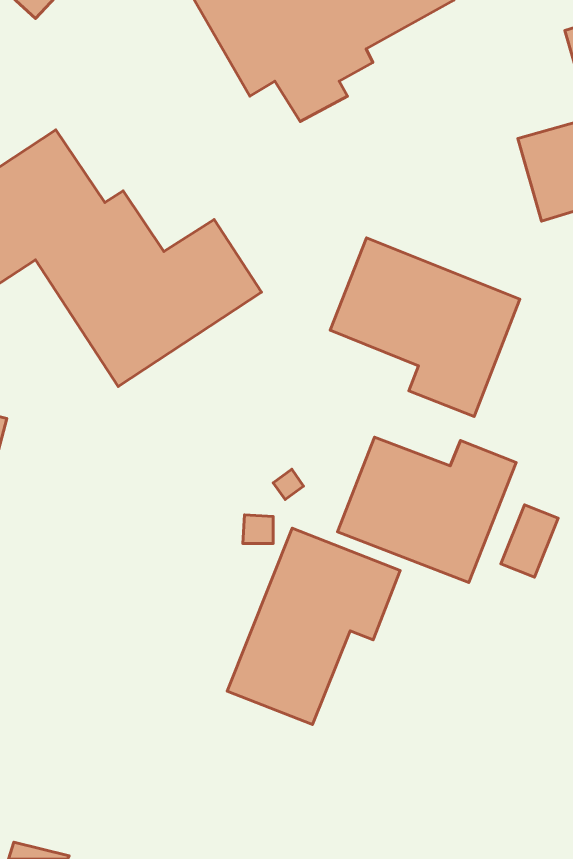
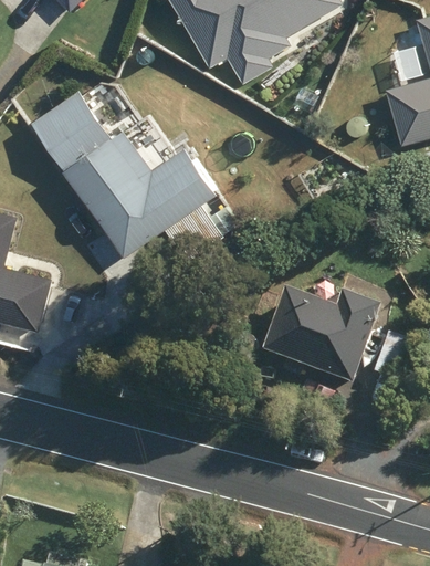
building: [330,238,520,416] -> none
building: [227,528,400,725] -> none

